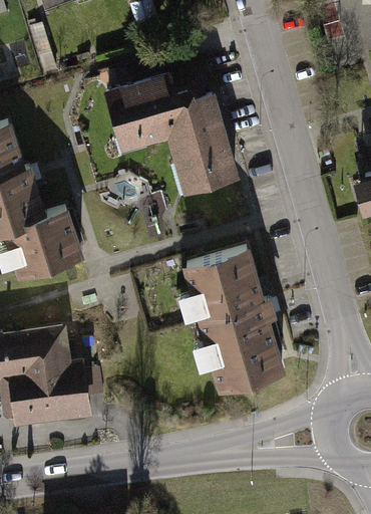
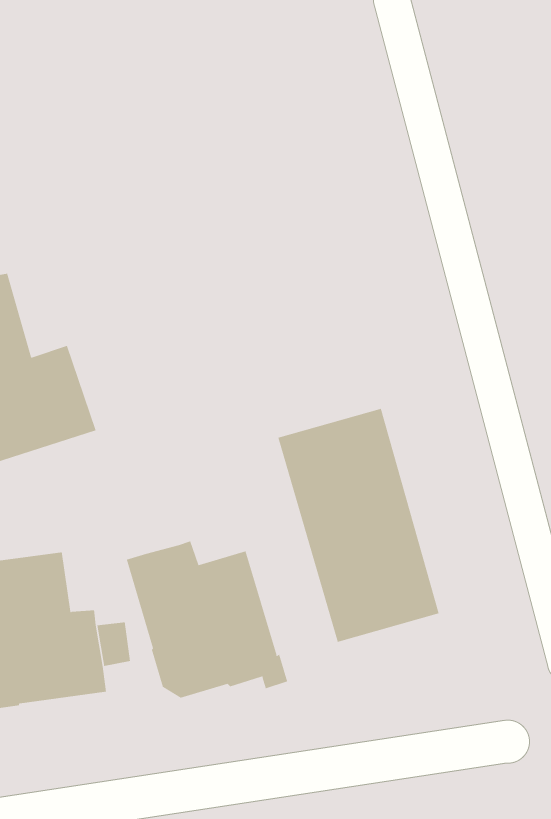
building: [121,66,255,198] -> none
building: none -> [126,540,288,698]

